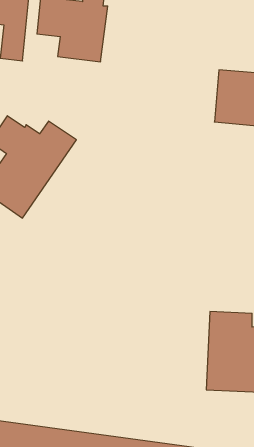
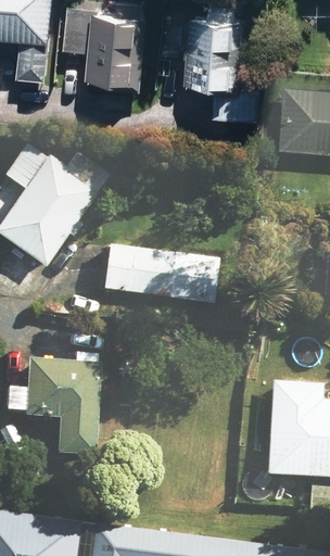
building: none -> [185,11,256,118]
building: none -> [101,243,219,305]
building: none -> [24,357,100,455]

